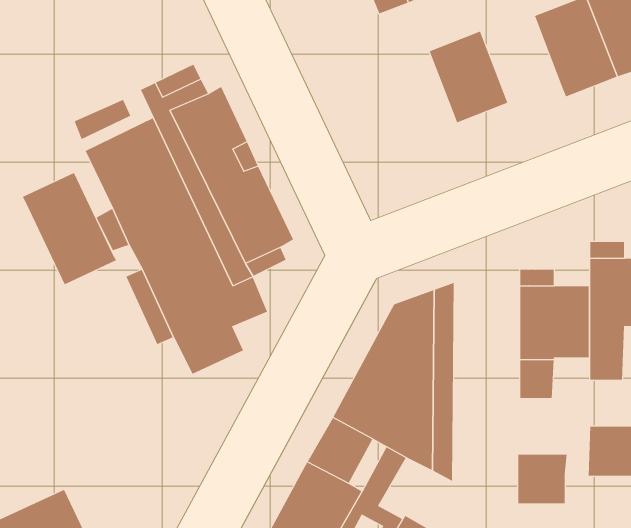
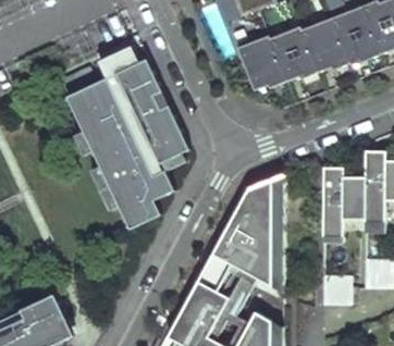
building: none -> [300,17,347,72]
building: none -> [235,35,284,90]
building: [22,172,117,285] -> none

